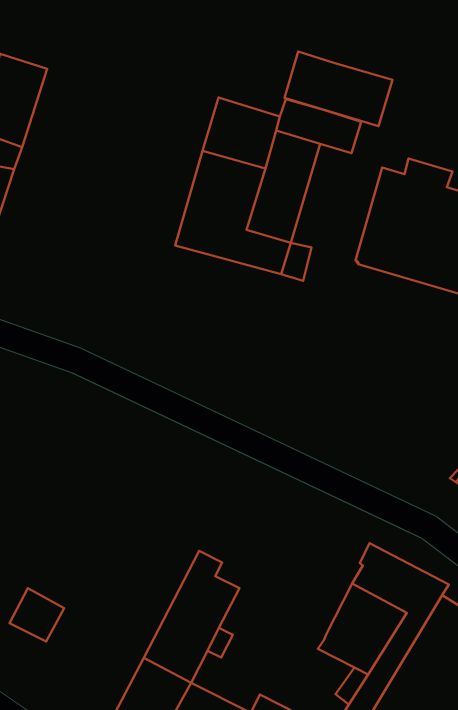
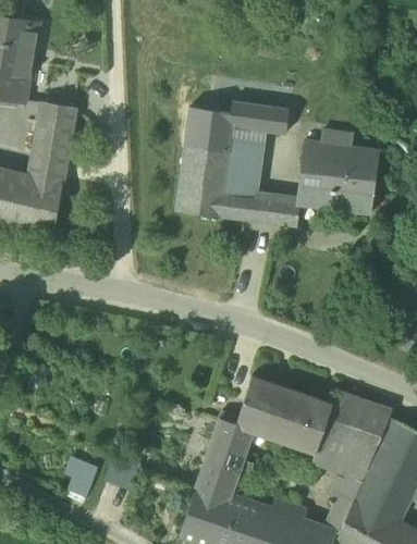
building: [284,52,393,126] -> none
building: none -> [266,198,301,225]
building: none -> [236,375,333,453]

